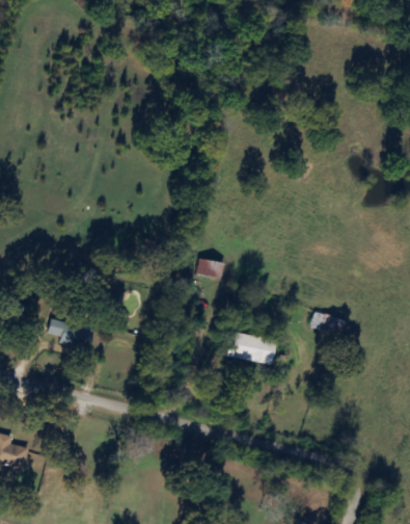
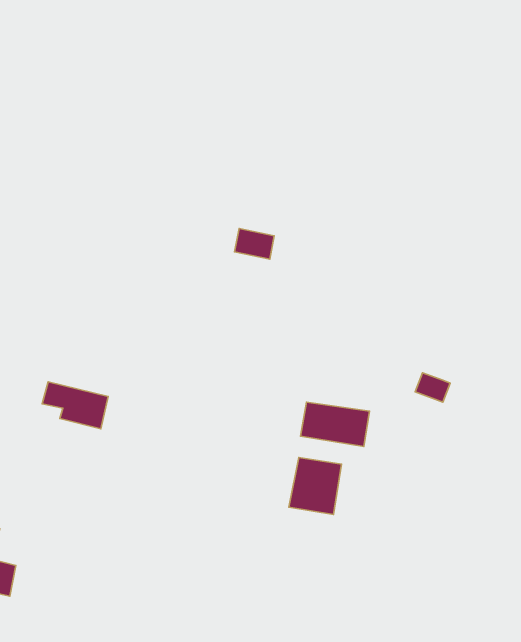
building: [196,258,224,280] -> [235,228,274,259]
building: none -> [289,458,342,514]

